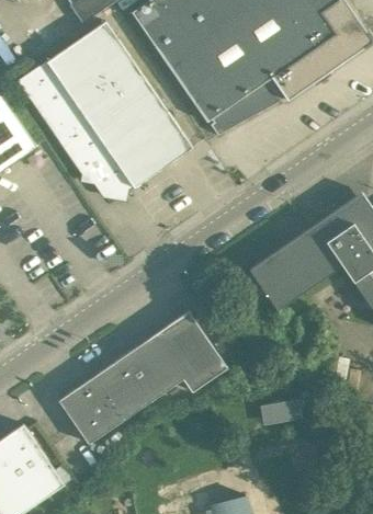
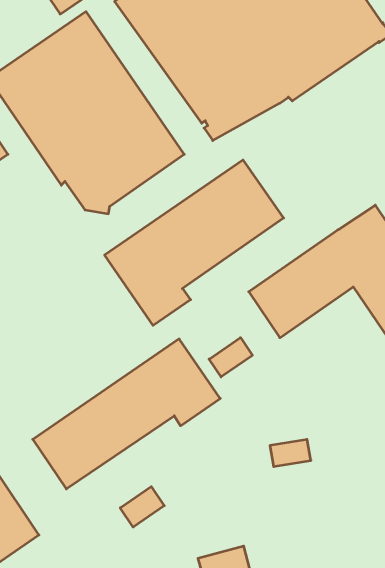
building: none -> [105,160,284,325]
building: none -> [209,338,252,377]
building: none -> [120,487,164,527]

